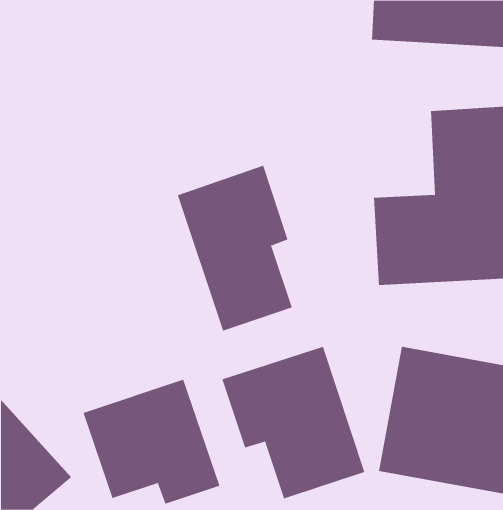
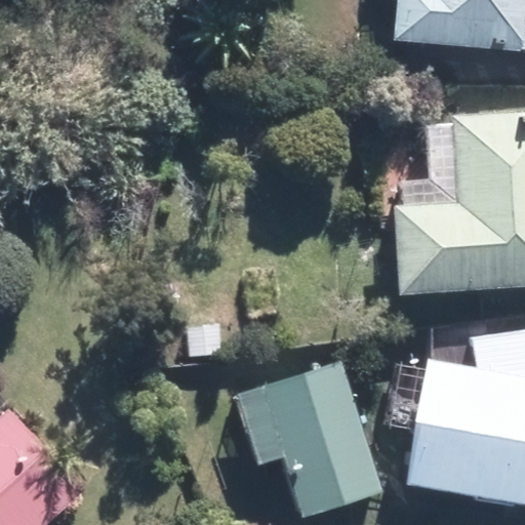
building: [177,165,292,331] -> none
building: [83,379,220,505] -> none

